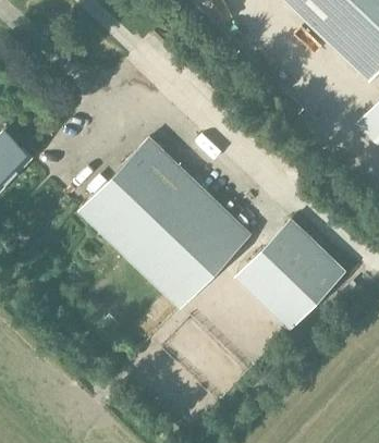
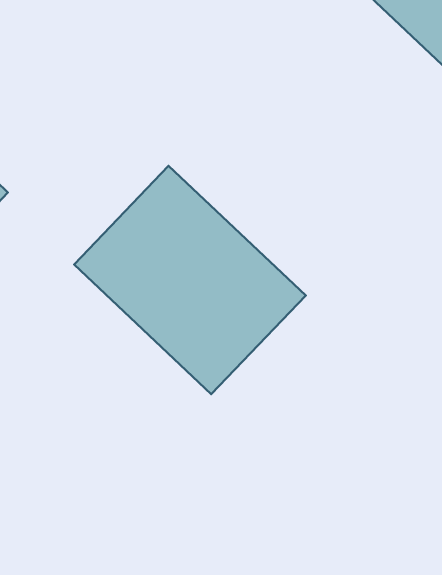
building: [237,220,346,329] -> none

